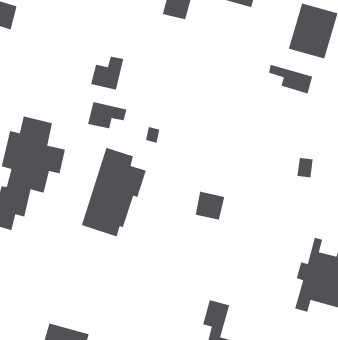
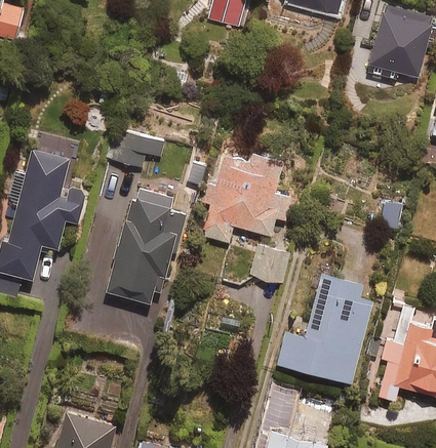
building: [90,56,124,91] -> none
building: [268,64,313,94] -> none
building: none -> [202,152,308,242]
building: none -> [276,273,373,384]

